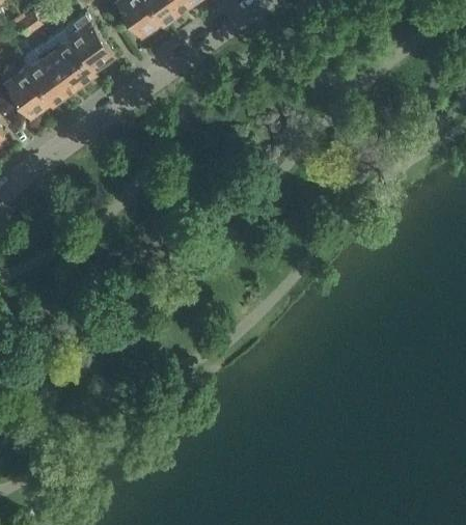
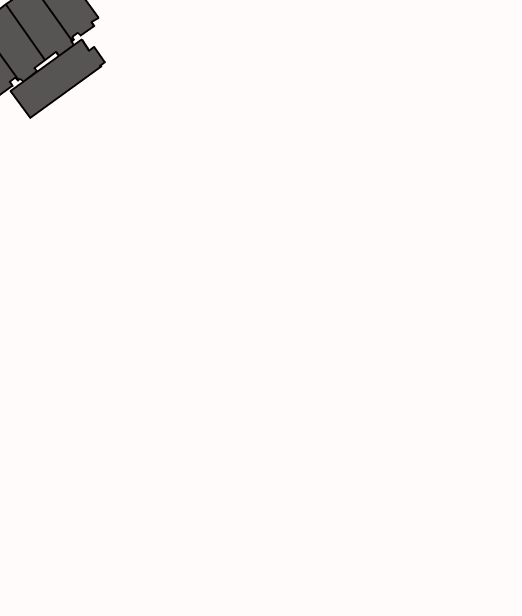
building: none -> [11,40,105,118]

